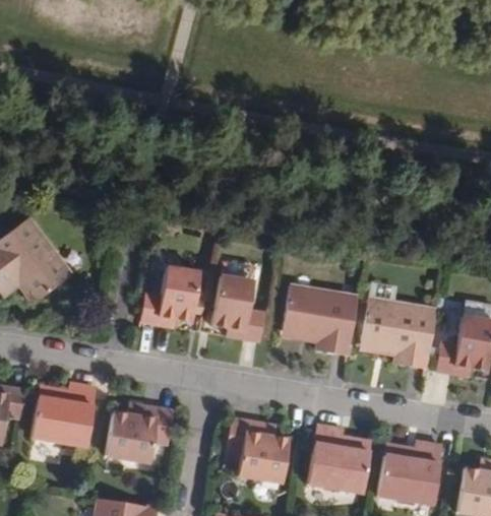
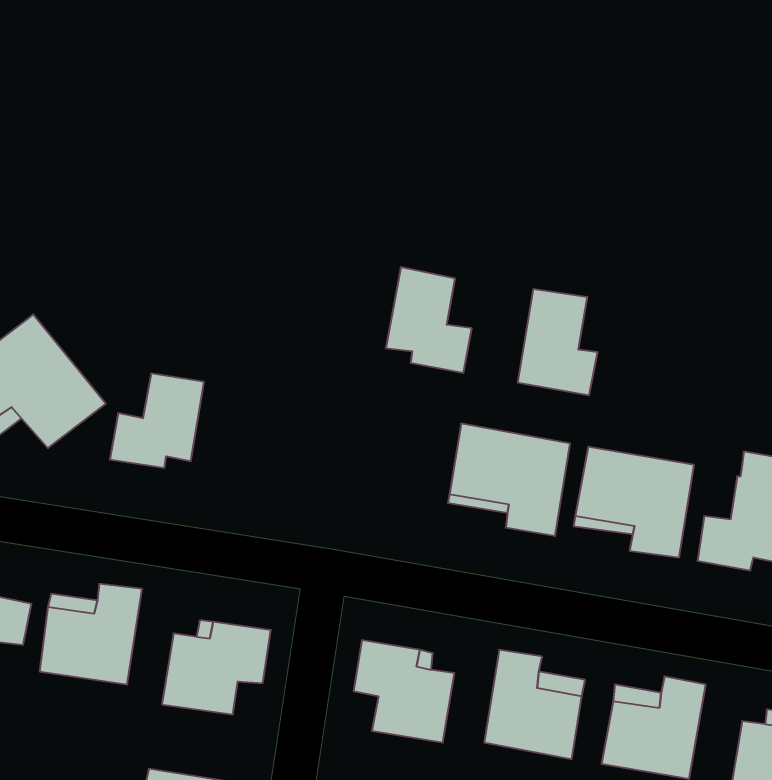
building: none -> [518,289,597,395]
building: [141,267,199,325] -> [110,374,204,468]
building: [212,275,265,340] -> [386,267,472,373]

